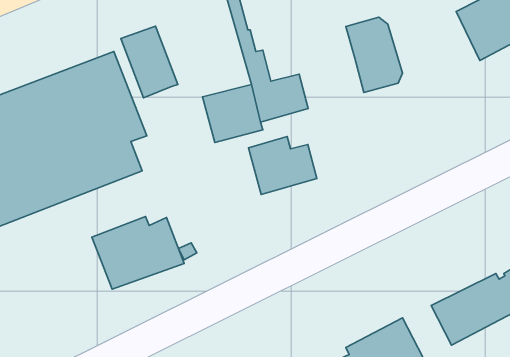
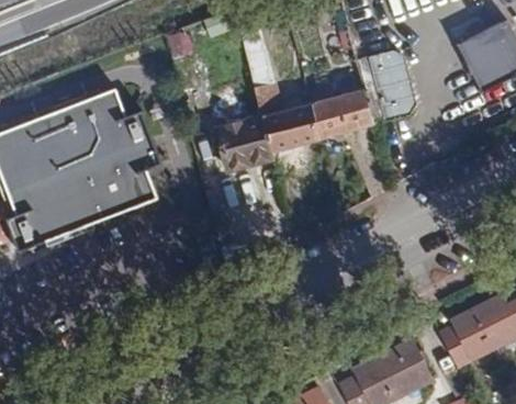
building: [121,26,178,98] -> none
building: [249,136,317,194] -> [306,82,372,138]
building: [92,217,184,289] -> none

